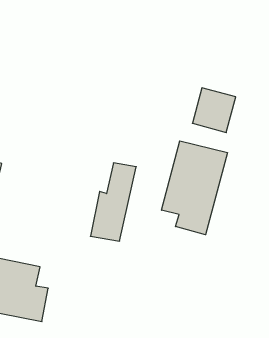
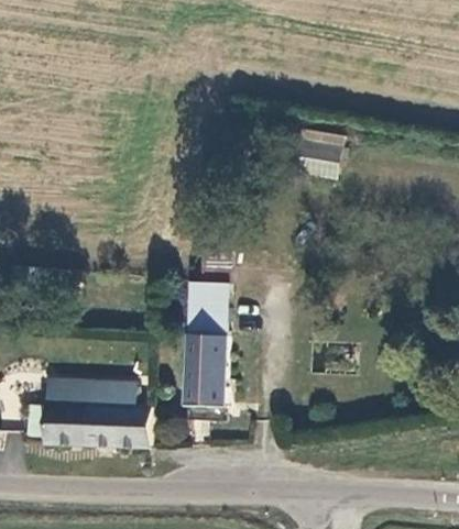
building: [162,141,227,235] -> none
building: none -> [186,333,225,409]

